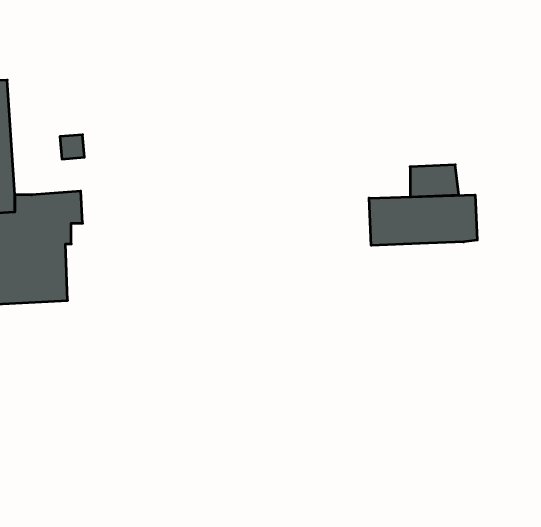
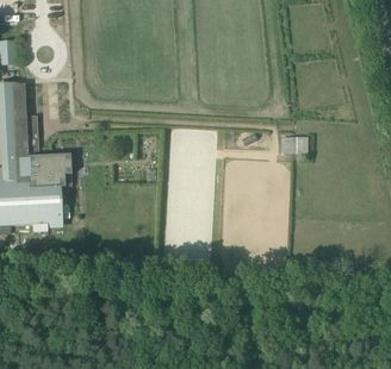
building: [369,195,477,245] -> none

